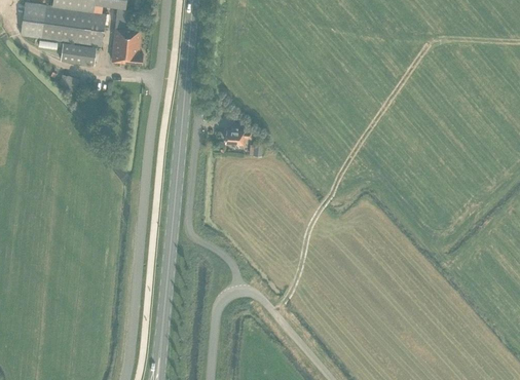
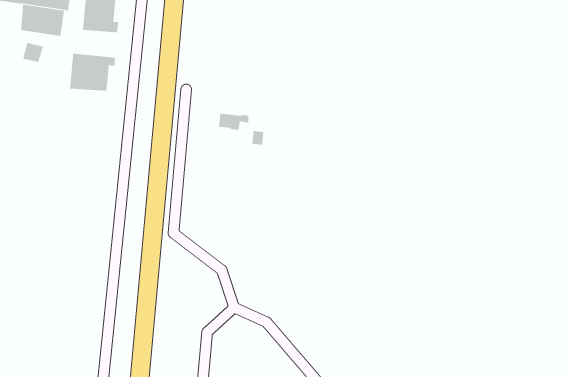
building: none -> [70,53,116,92]

